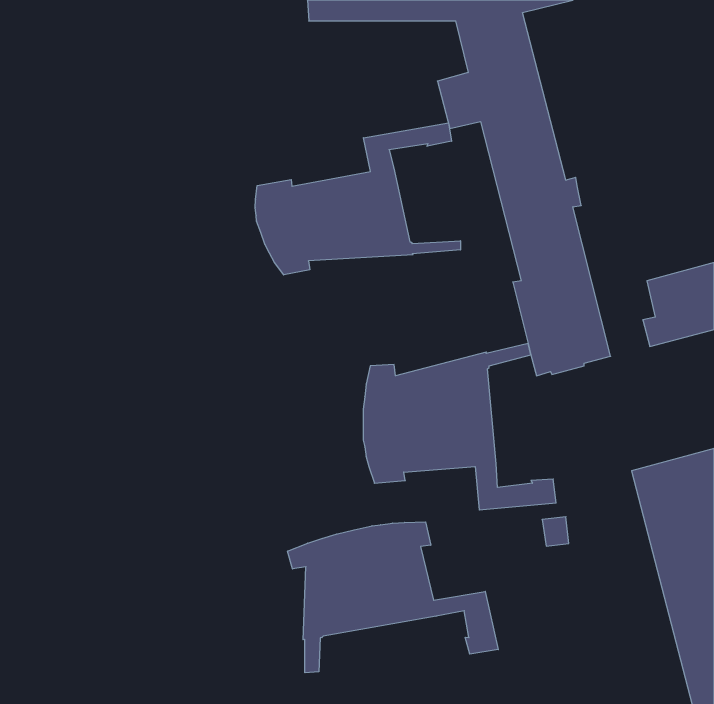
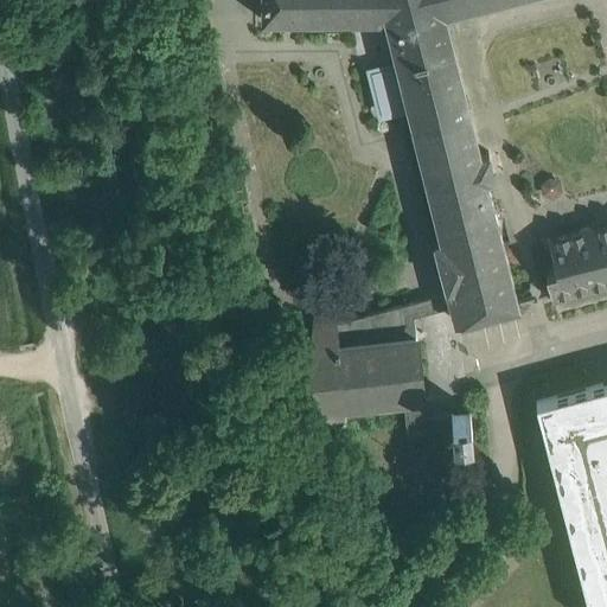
building: [255,123,460,275] -> none
building: [288,522,498,673] -> none

